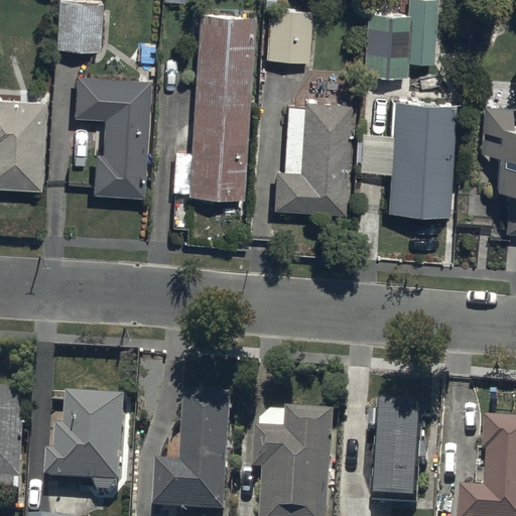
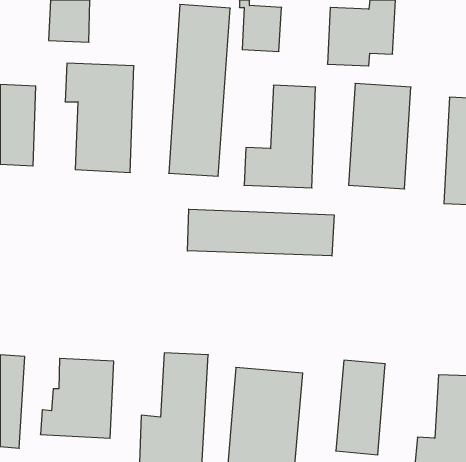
building: none -> [187,209,334,256]

